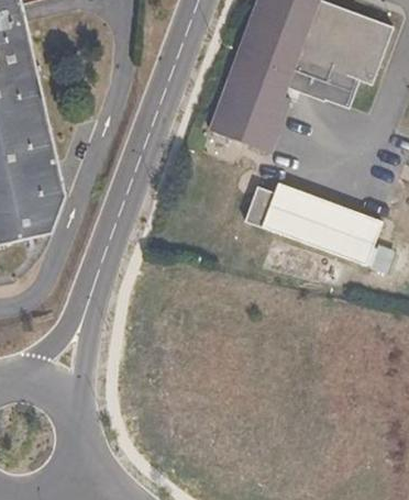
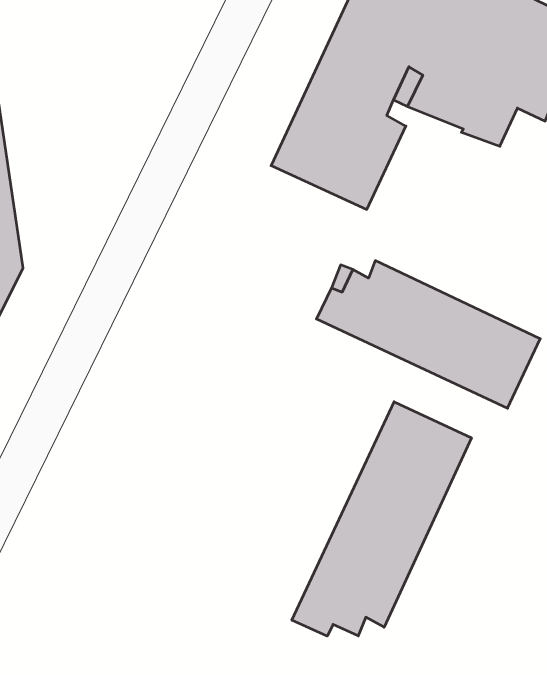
building: none -> [292,402,471,636]

